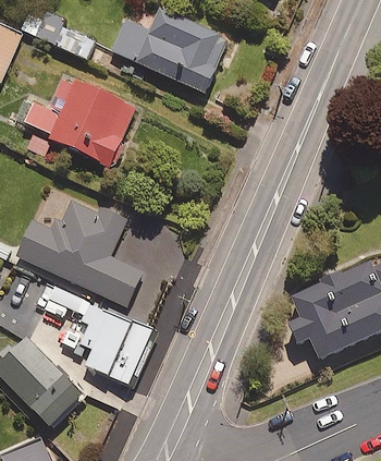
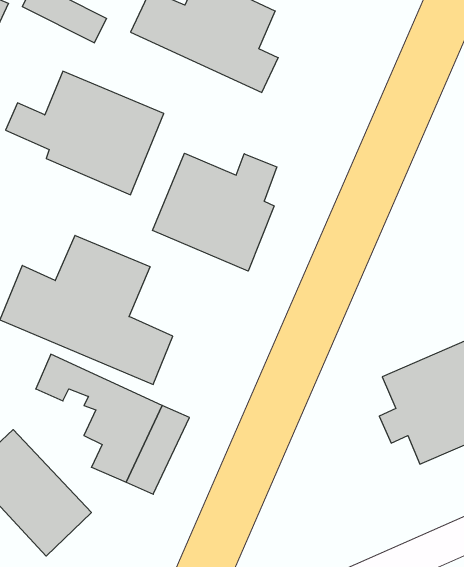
building: none -> [152,153,277,271]

